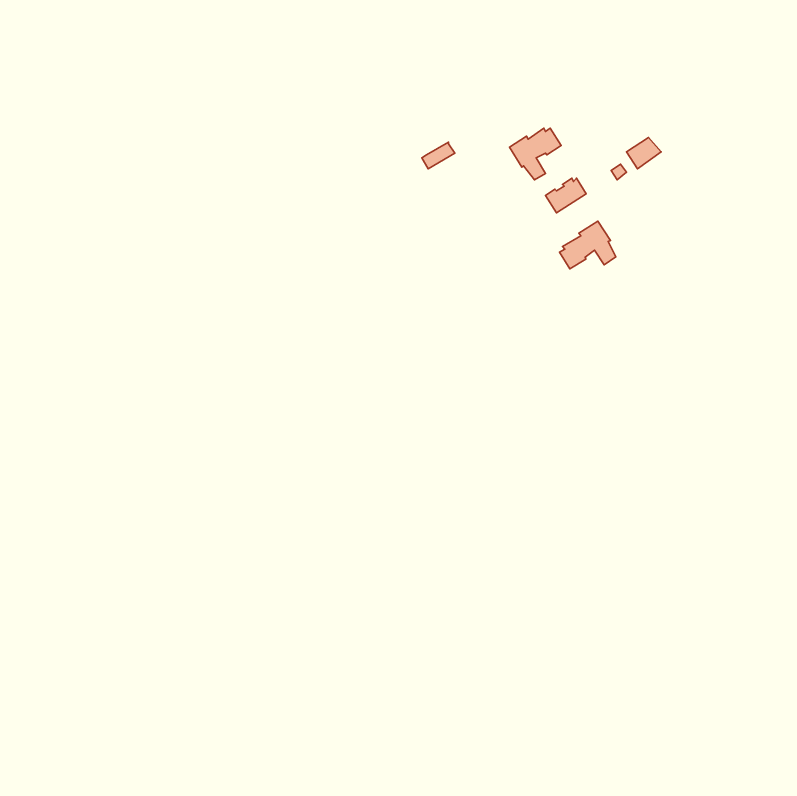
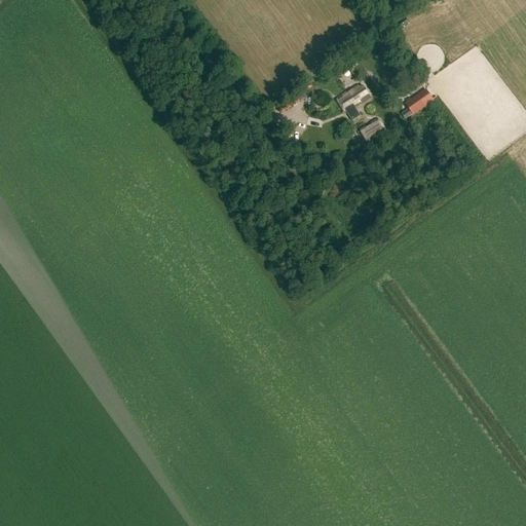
building: [559,221,616,269] -> none

